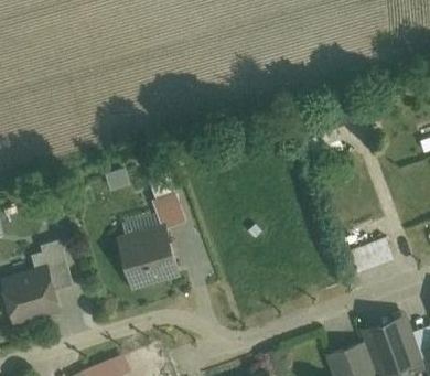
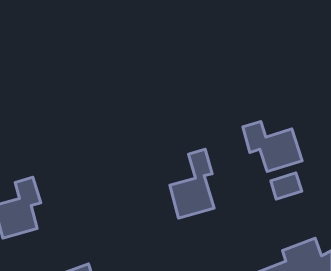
building: none -> [243,122,302,172]
building: [118,201,173,287] -> [170,149,214,218]

